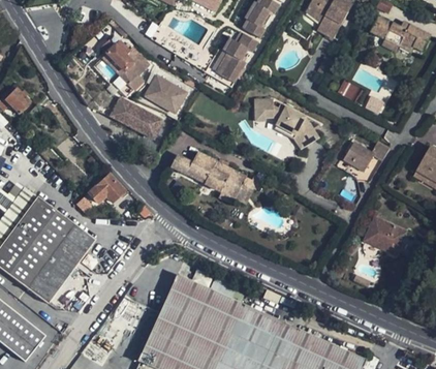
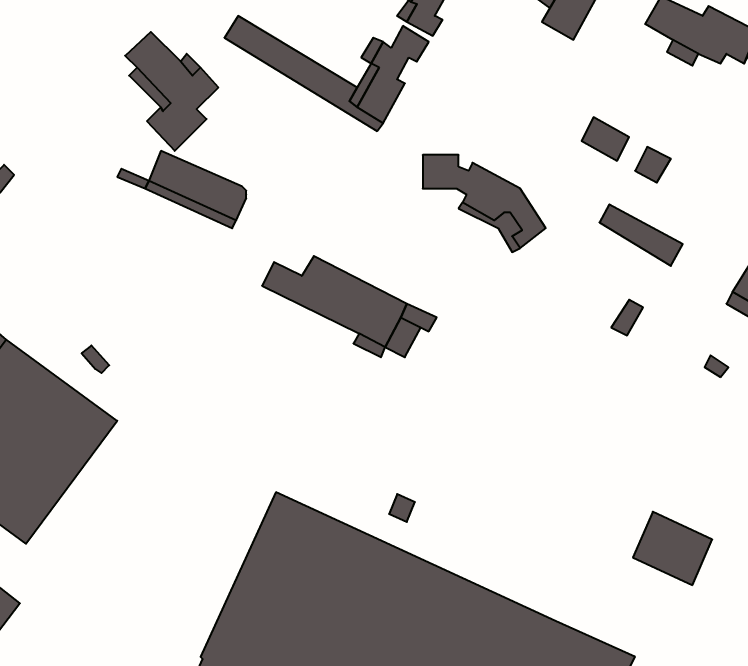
building: [143,72,189,115] -> none
building: [345,143,374,171] -> none
building: [88,174,125,204] -> none
building: [365,217,406,255] -> [633,512,712,585]

